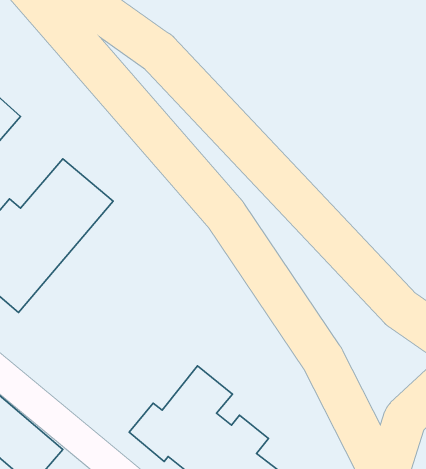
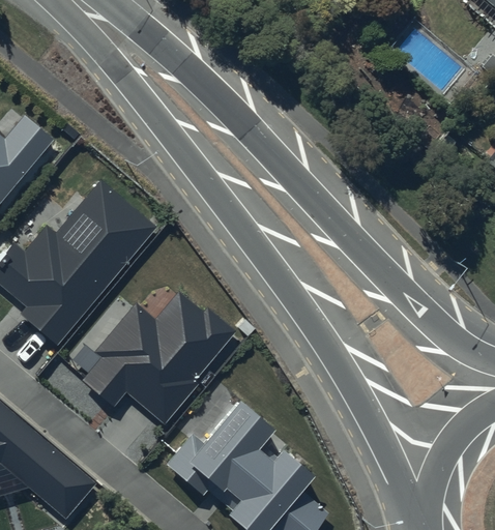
building: none -> [81,289,234,423]

